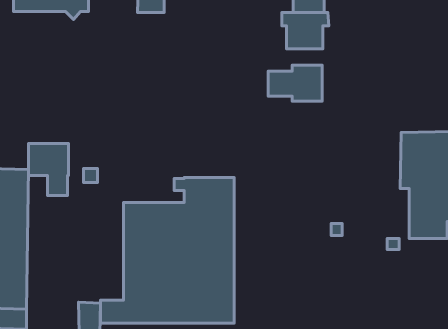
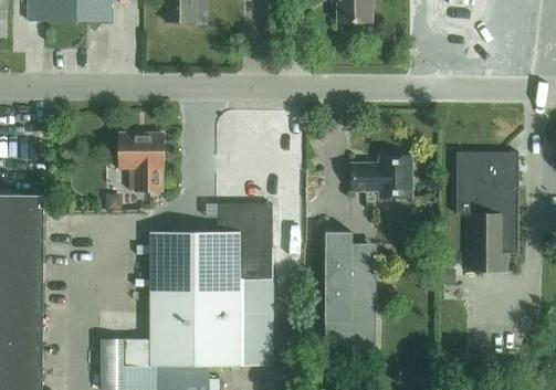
building: [282,13,329,49] -> none
building: [268,65,322,101] -> [352,157,411,197]
building: [28,143,68,195] -> [118,134,162,191]
building: none -> [325,232,376,345]

